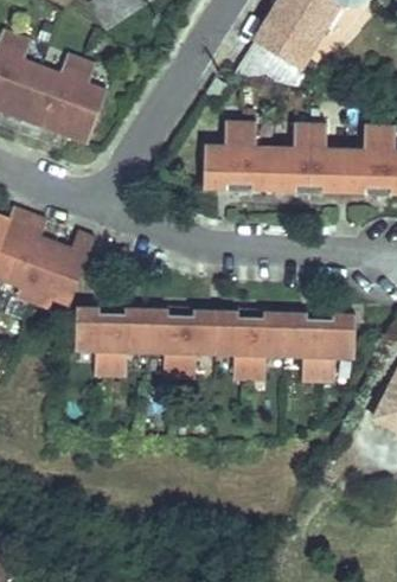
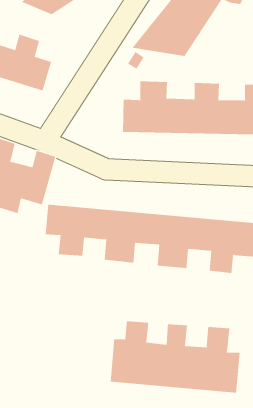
building: none -> [110,320,240,394]

